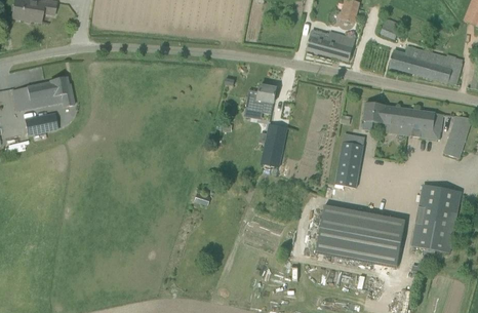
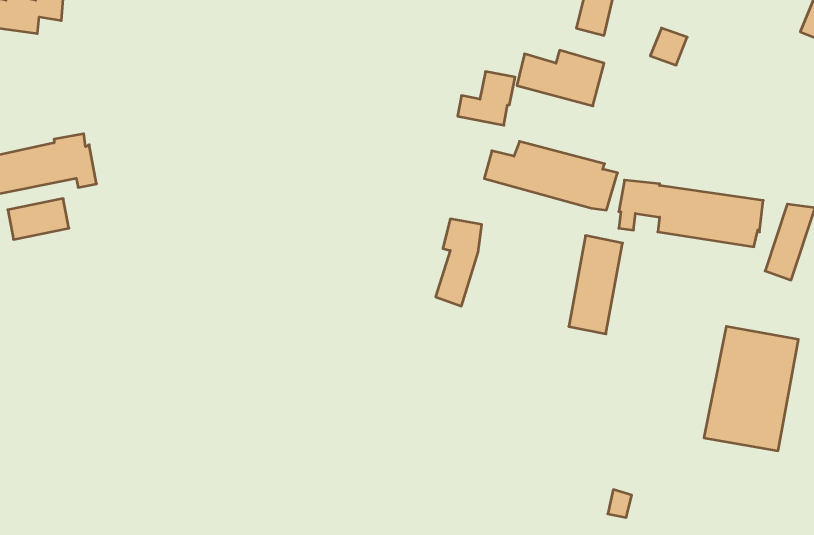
building: [389,45,463,83] -> [484,141,618,210]
building: [245,83,277,113] -> [458,72,515,125]
building: [316,203,405,265] -> none

